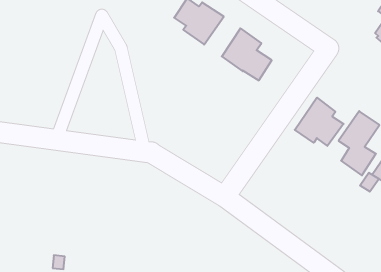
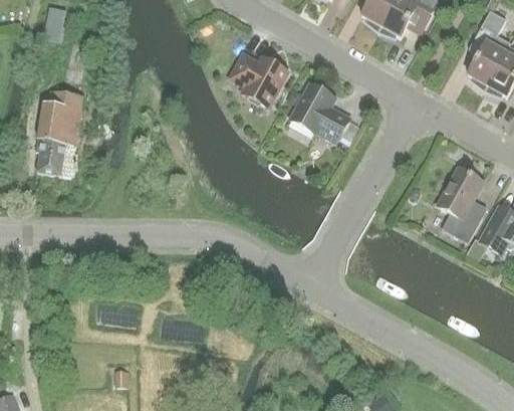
building: none -> [35,89,82,176]
building: [295,98,344,146] -> none

